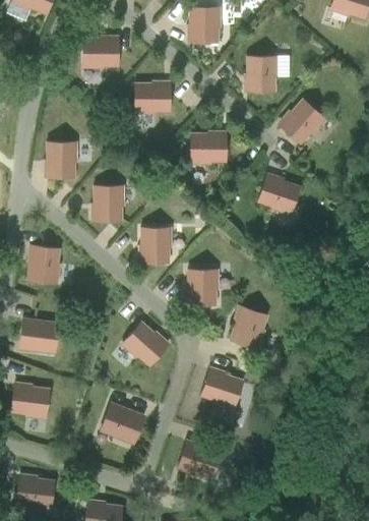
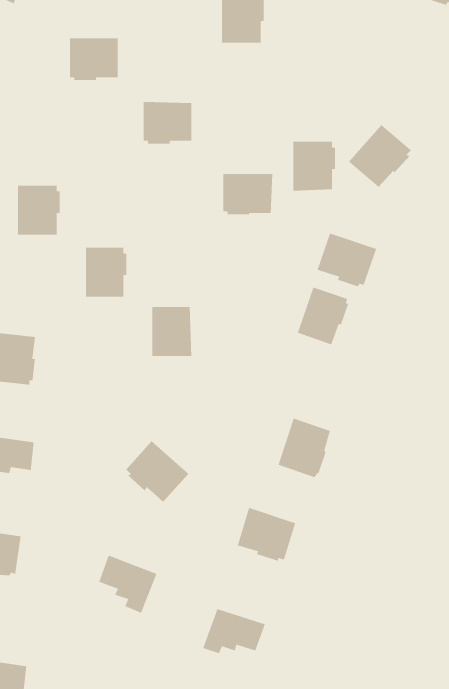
building: [247,56,278,92] -> [292,141,336,191]
building: none -> [297,286,349,345]
building: [188,269,219,304] -> none

